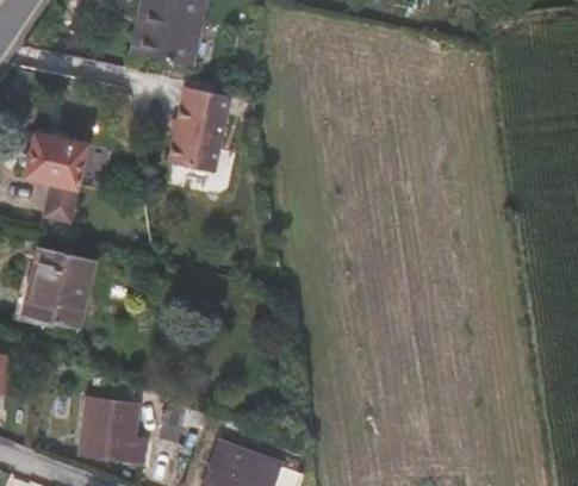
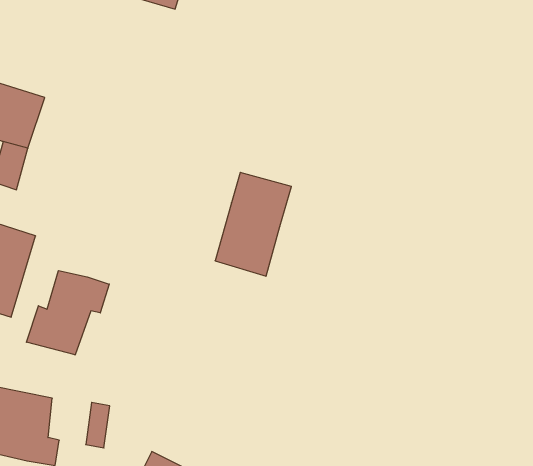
building: [168,83,225,168] -> [215,172,291,276]
building: none -> [26,271,109,355]

